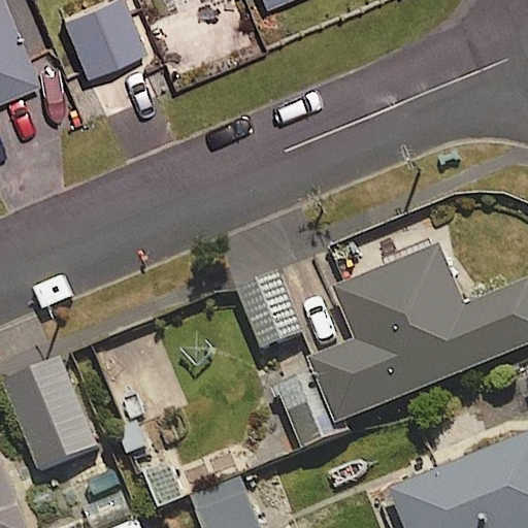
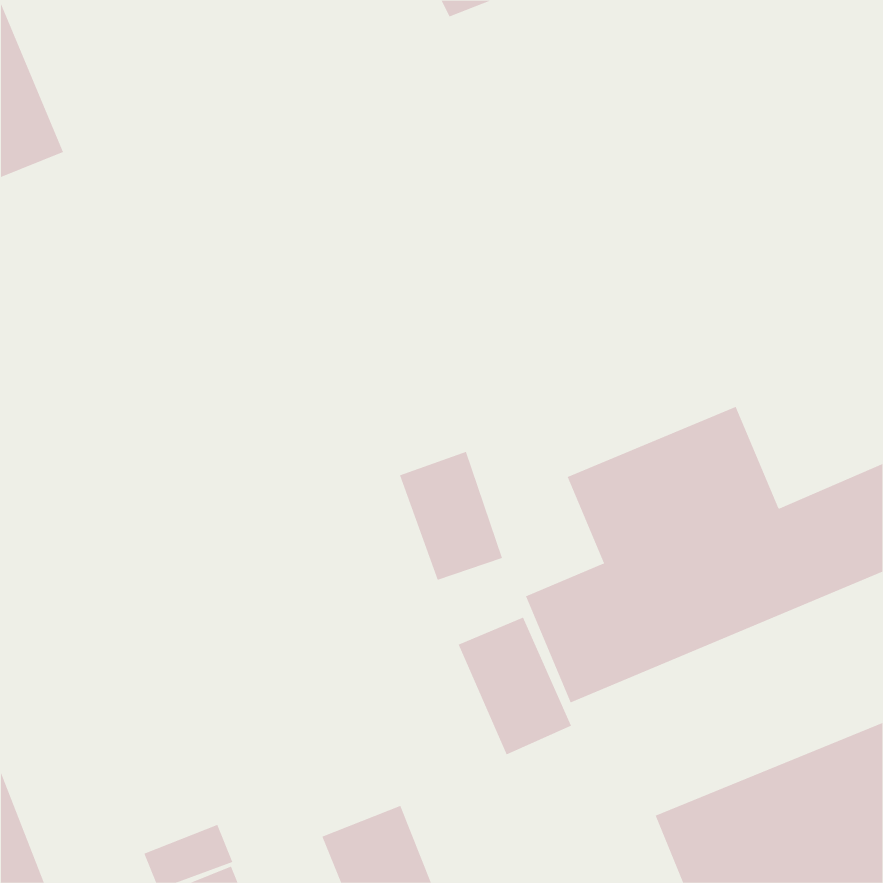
building: [66,4,143,80] -> none
building: [4,357,95,466] -> none

